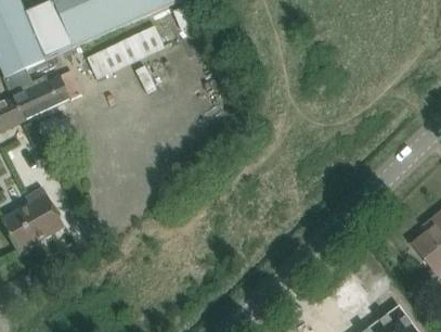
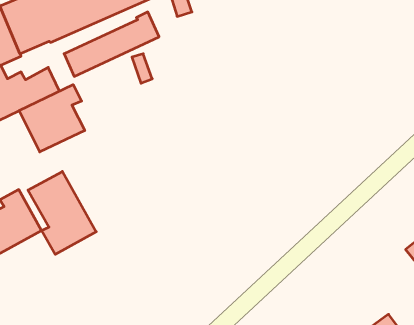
building: none -> [19,85,85,152]
building: none -> [28,171,96,254]

